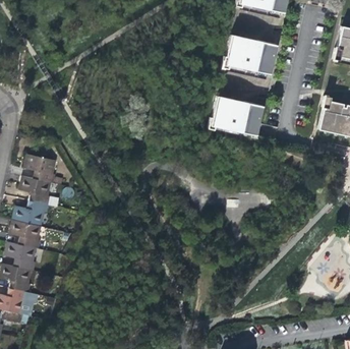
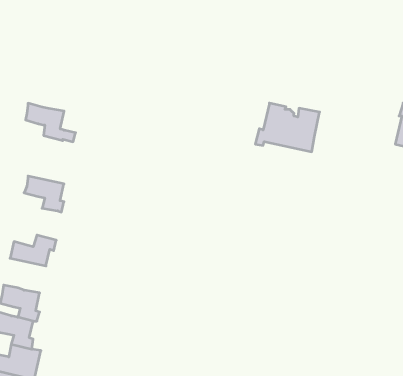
building: [221,37,273,74] -> none
building: [20,176,60,207] -> [26,103,76,142]
building: [10,220,42,248] -> none

